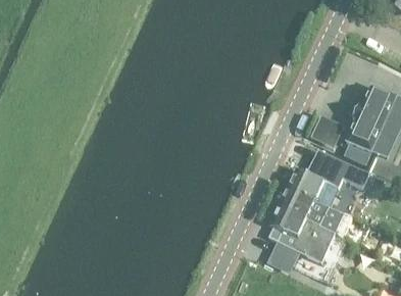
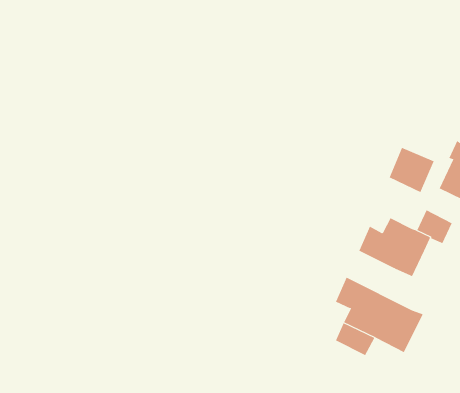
building: [281,188,347,235] -> none

